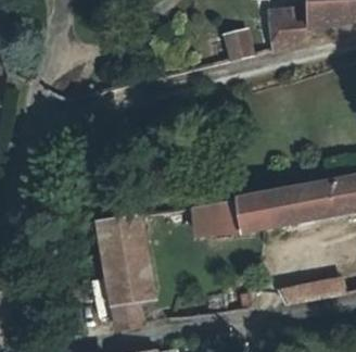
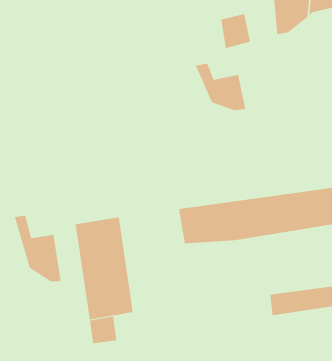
building: none -> [195,63,246,111]
building: none -> [14,215,61,282]

